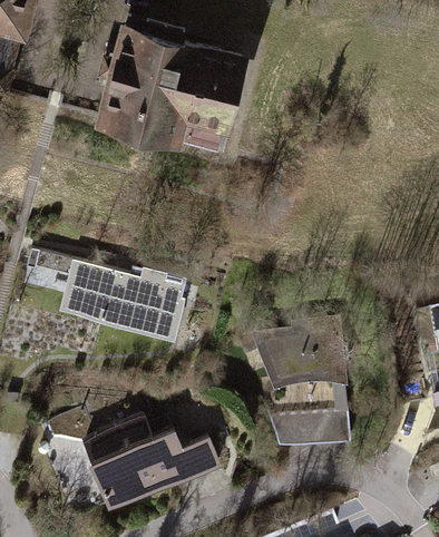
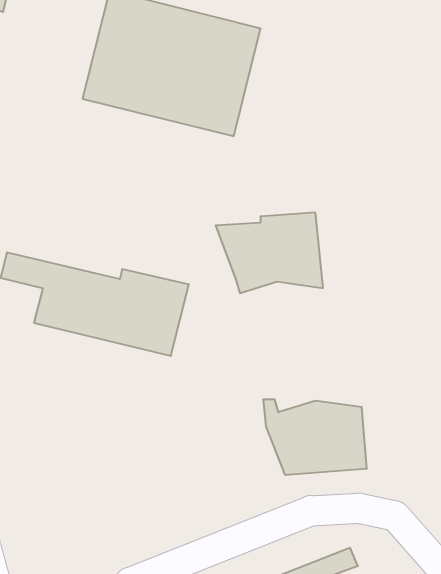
building: [247,322,341,392] -> [216,213,323,293]
building: [80,413,223,511] -> none

